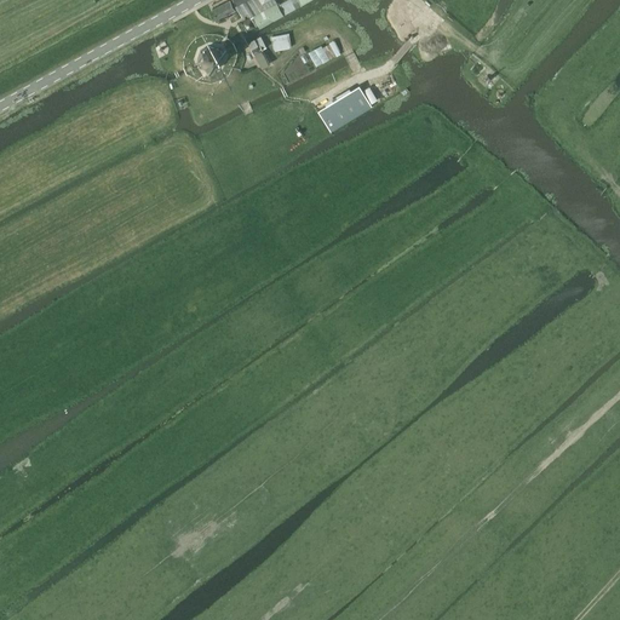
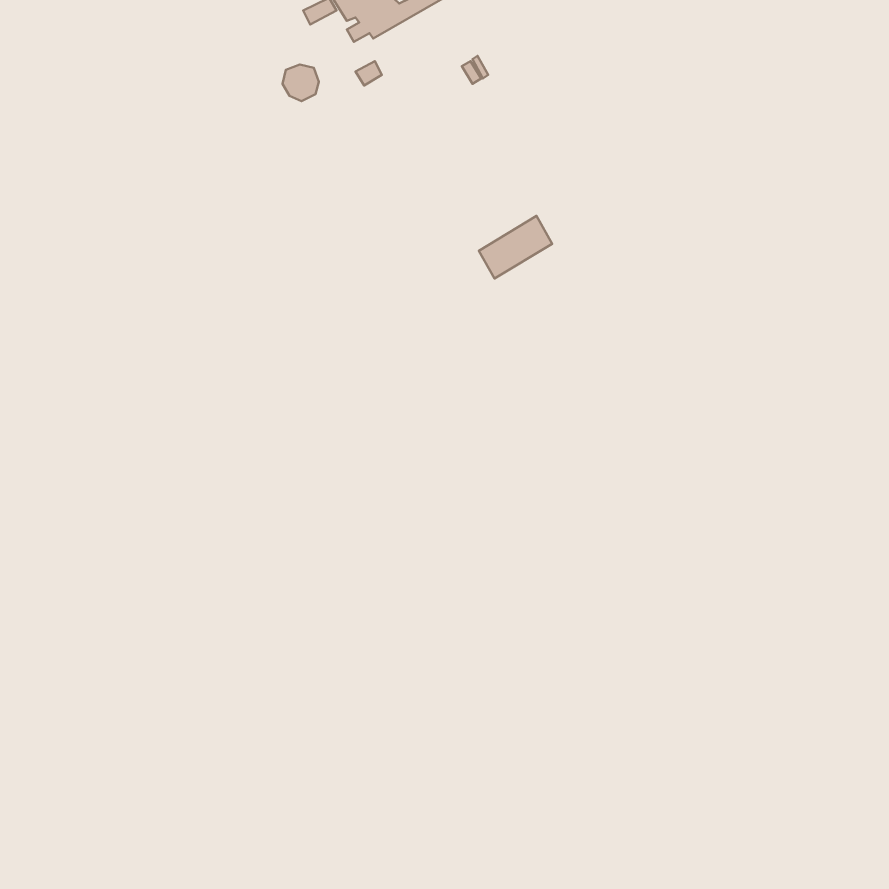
building: [321,86,372,130] -> [479,216,552,279]

